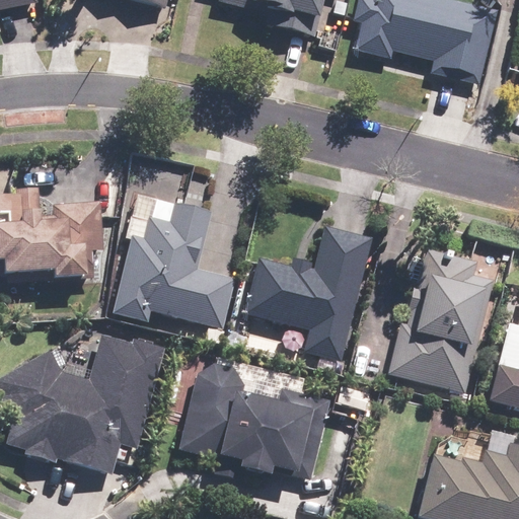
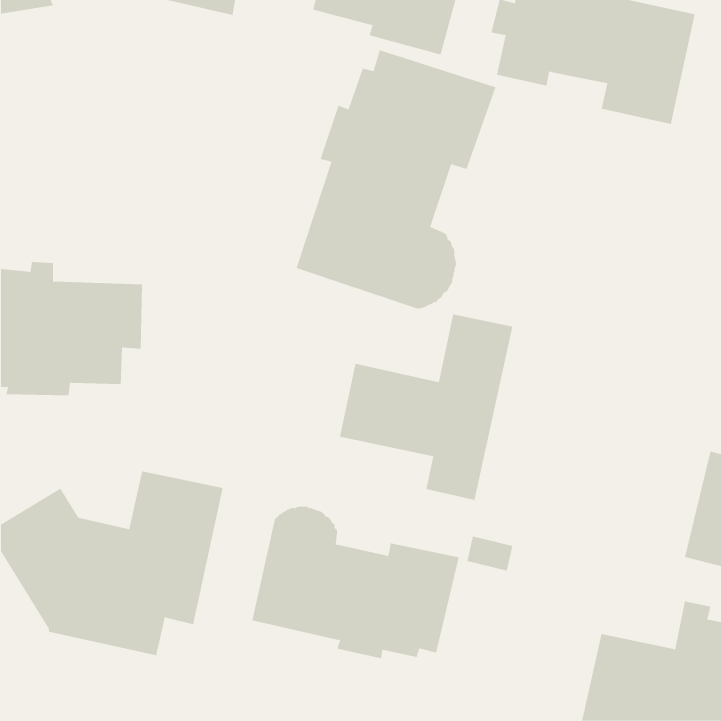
building: none -> [296,50,496,309]
building: [112,194,236,327] -> none
building: [386,264,491,394] -> none

